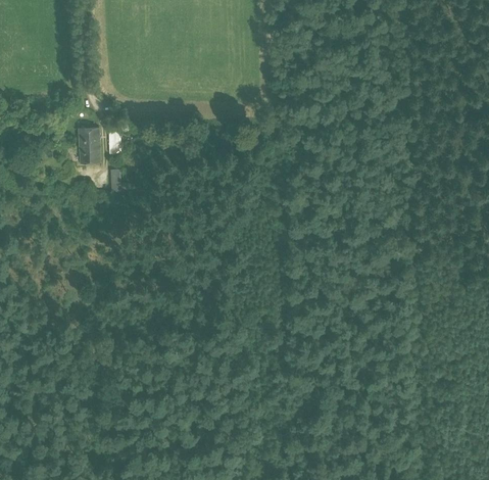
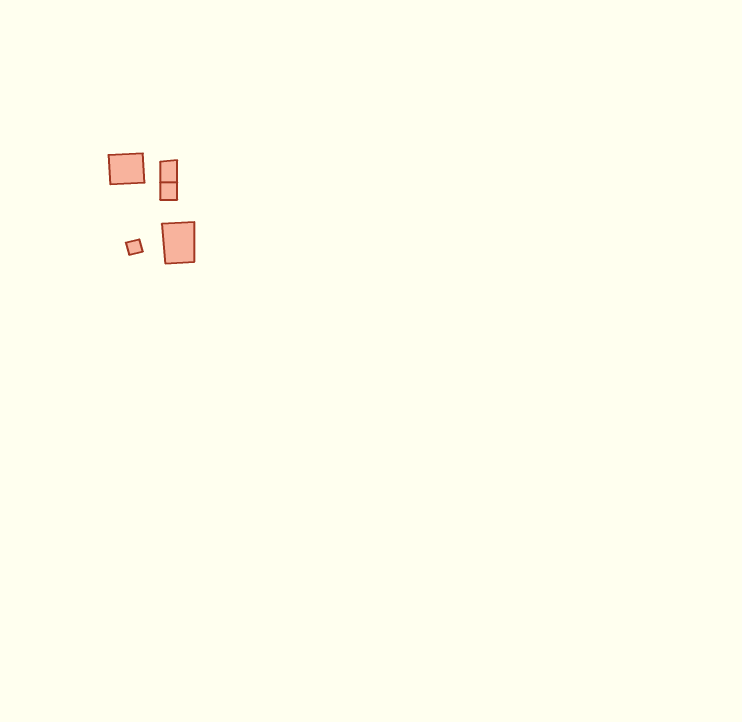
building: [79,145,100,164] -> none

